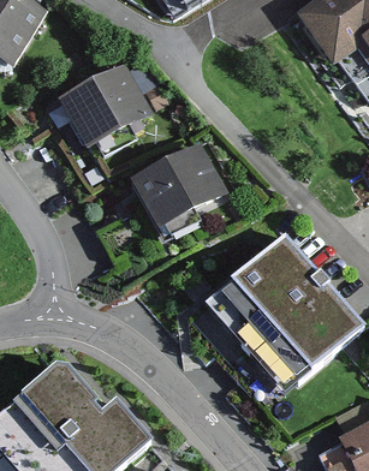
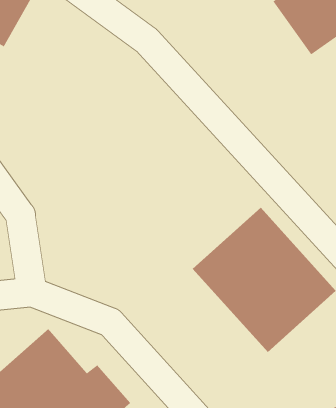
building: [63,72,150,156] -> none
building: [129,141,227,238] -> none

